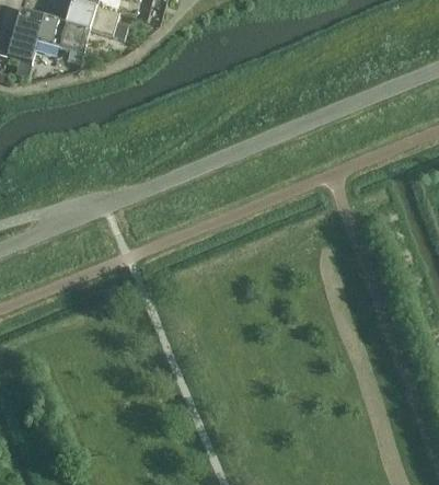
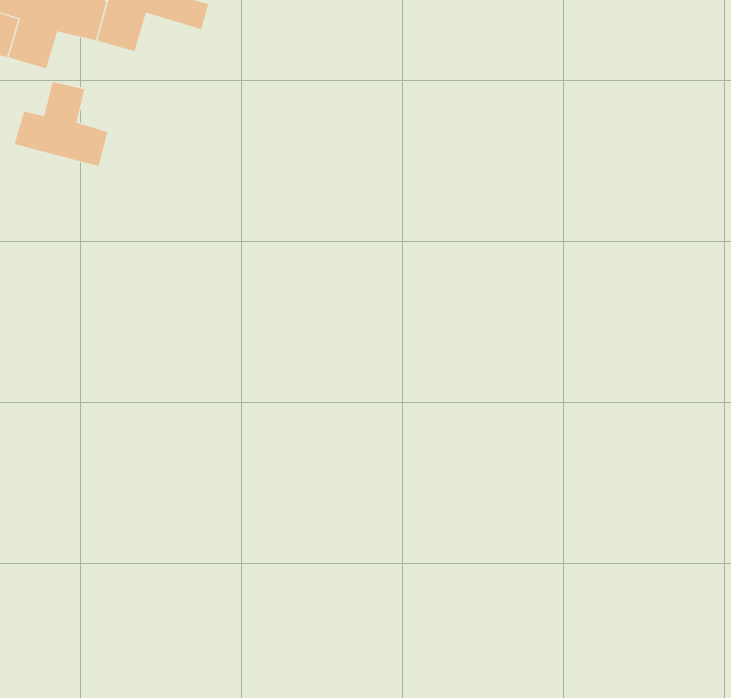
building: none -> [14,81,108,167]

